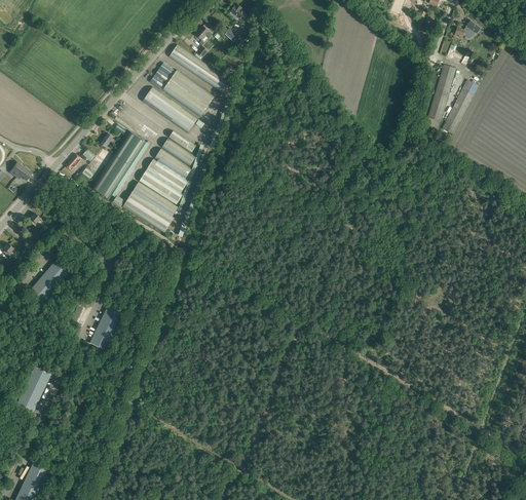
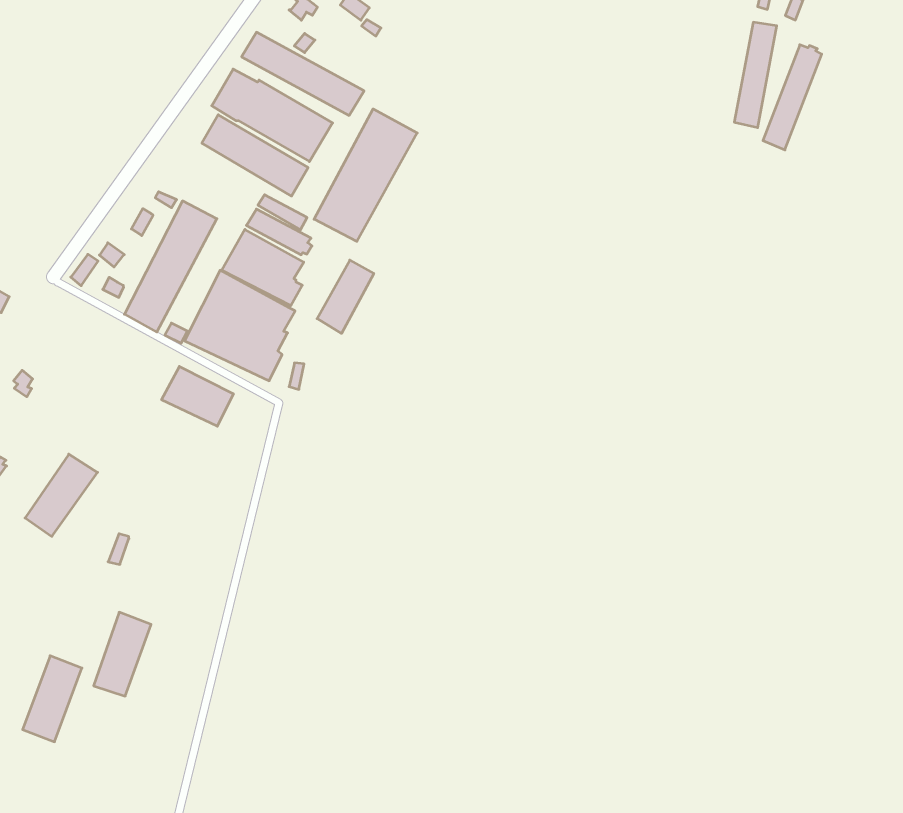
building: none -> [314,109,417,241]
building: none -> [317,260,374,333]
building: none -> [162,366,233,426]
building: [90,305,124,350] -> [94,612,151,696]

